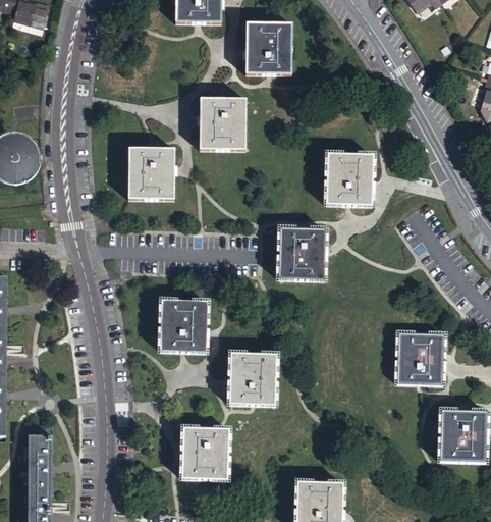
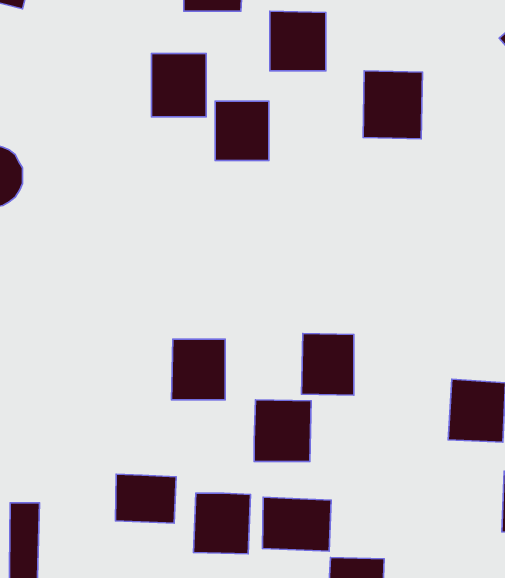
building: [127,149,173,202] -> [152,54,206,117]
building: [323,149,373,206] -> [363,71,422,139]
building: [281,226,325,278] -> [302,333,354,395]
building: none -> [116,474,176,523]
building: none -> [262,497,331,551]

